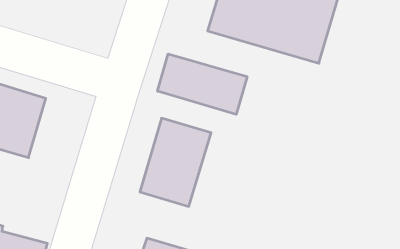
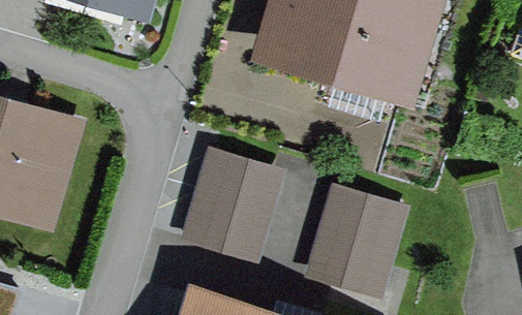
building: [158,54,247,114] -> none
building: none -> [318,190,404,296]

